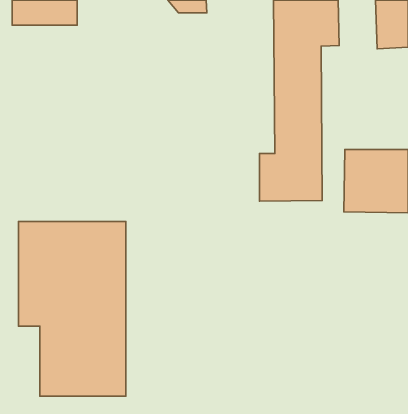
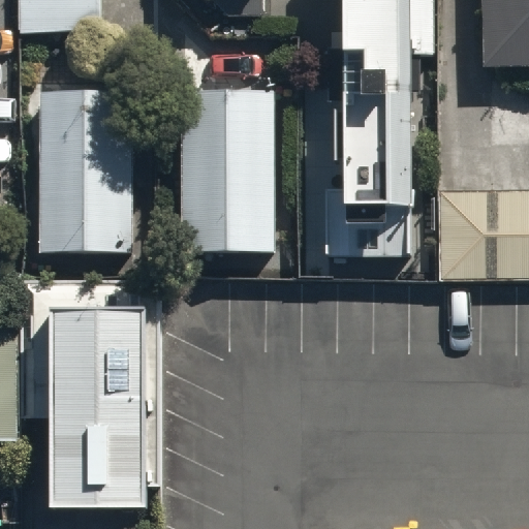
building: none -> [182,88,273,250]
building: none -> [40,96,132,250]

